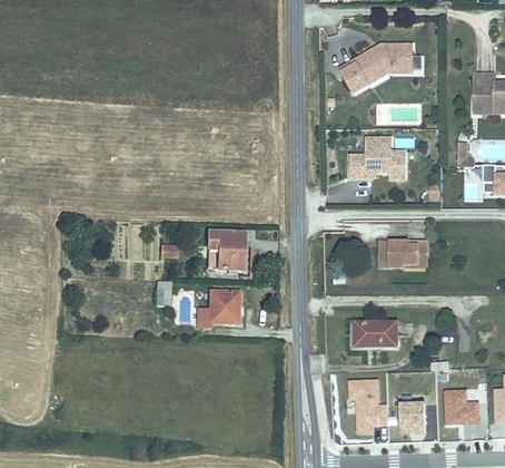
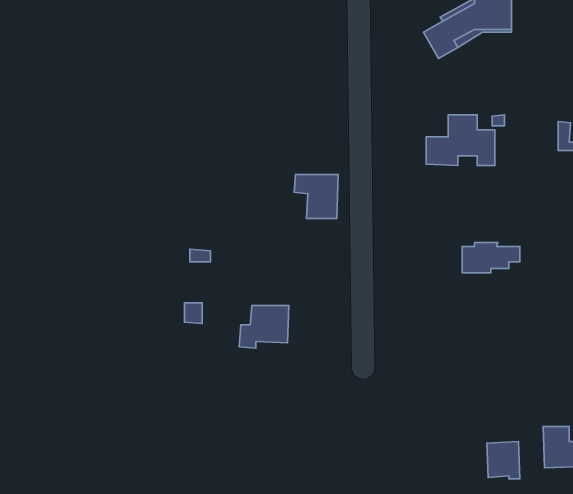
building: [206,234,241,270] -> [294,174,338,218]
building: [362,316,403,342] -> none
building: [348,379,386,431] -> none

